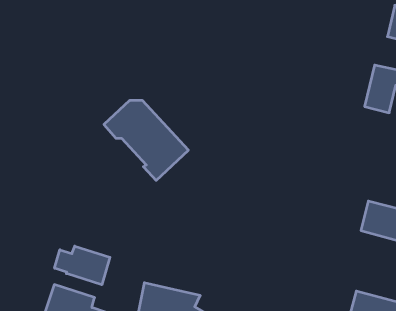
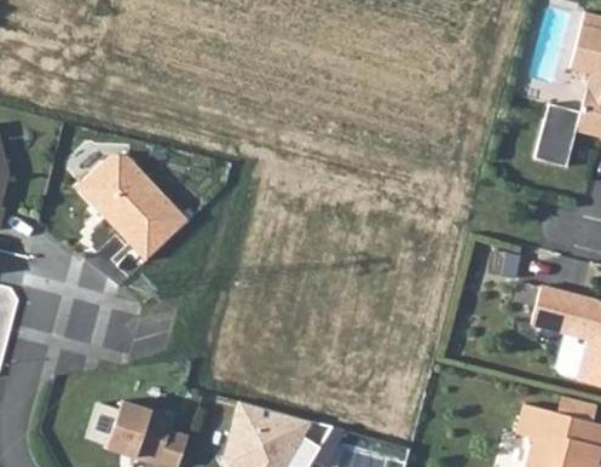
building: [104,101,188,180] -> [77,157,189,263]
building: [55,246,110,285] -> none

